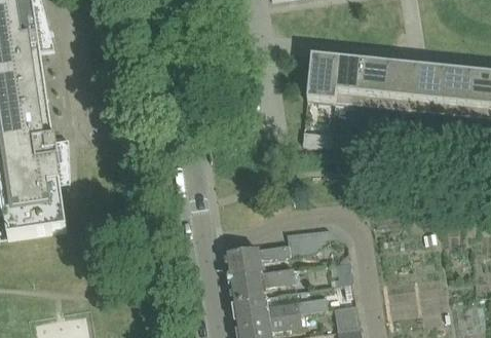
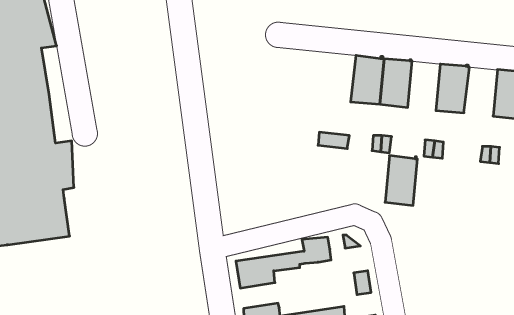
building: [307,55,339,103] -> none
building: [388,64,419,111] -> [385,156,417,205]
building: [442,70,474,116] -> none
building: [229,269,296,299] -> none

